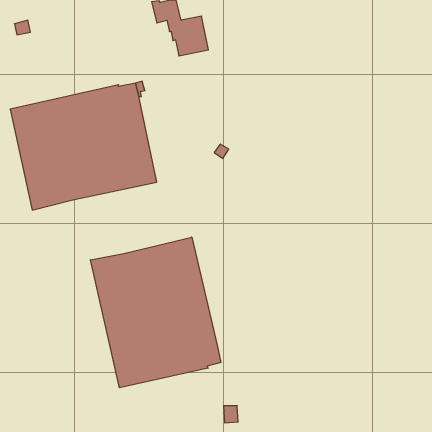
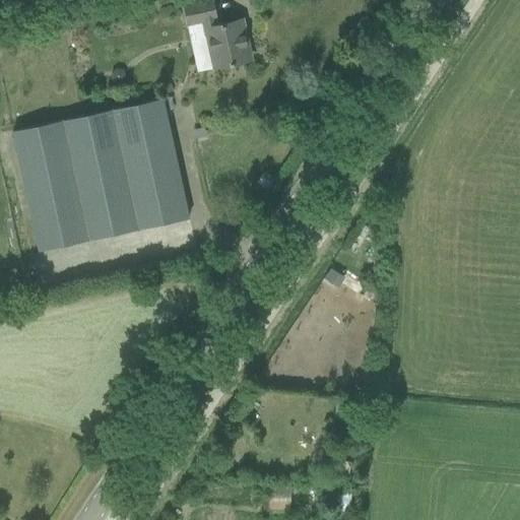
building: [90,237,221,388] -> none

